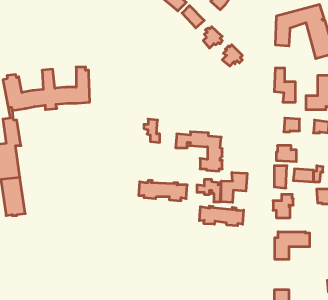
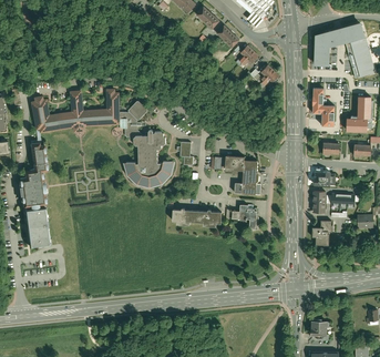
building: none -> [119,95,175,187]
building: [221,172,247,202] -> none
building: [199,206,244,226] -> none
building: [275,232,310,259] -> none

